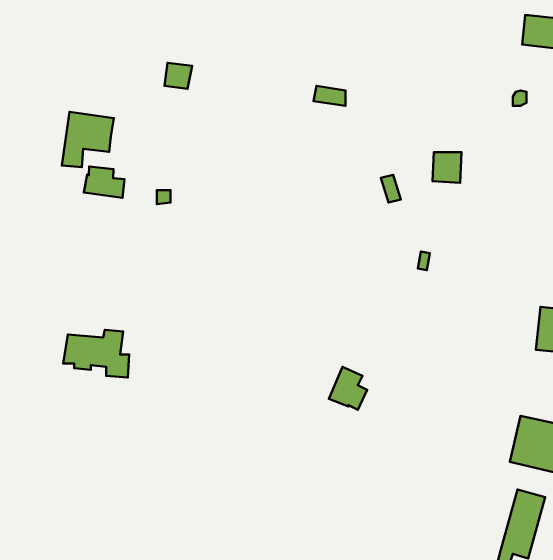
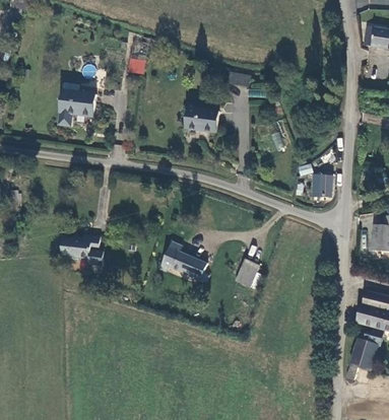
building: none -> [184,108,216,134]
building: [432,152,462,183] -> [310,177,329,197]
building: [84,166,125,198] -> none
building: none -> [160,241,207,282]

